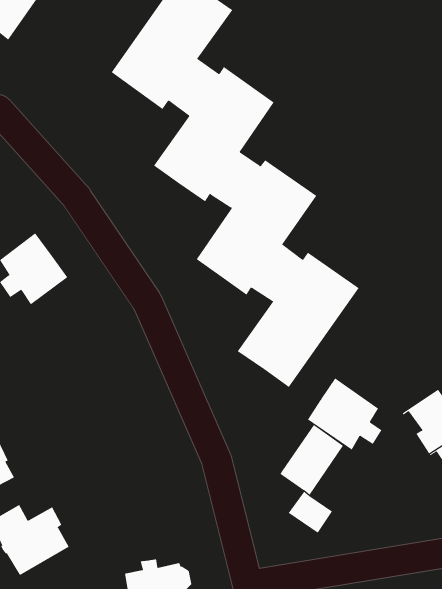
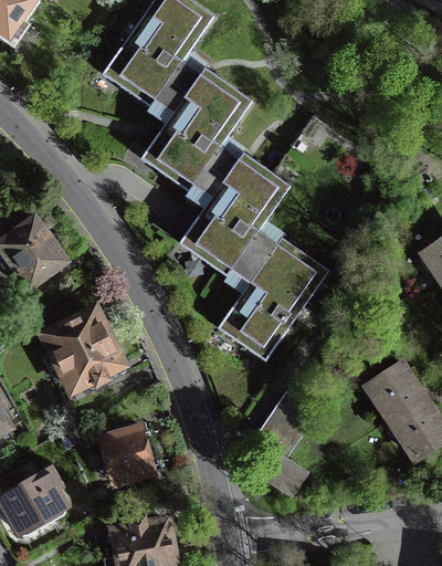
building: none -> [43,312,120,389]
building: [307,378,382,450] -> none
building: none -> [103,429,158,483]

